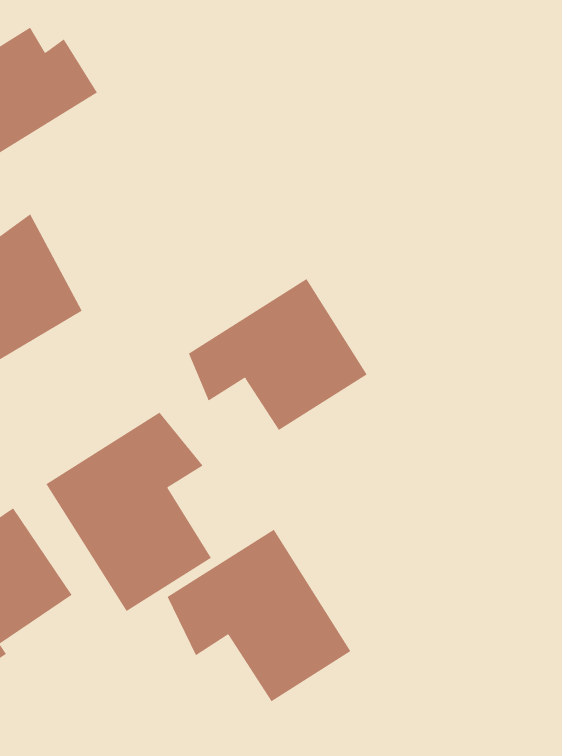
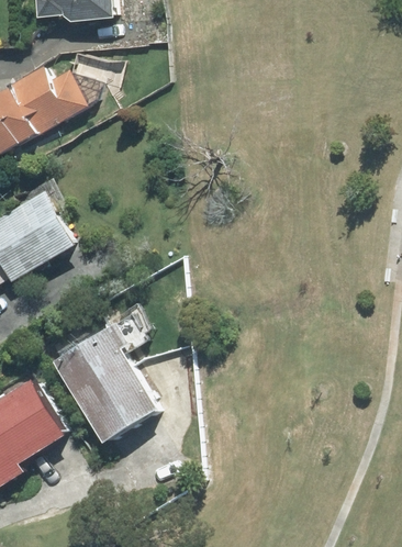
building: [188,278,368,431] -> none
building: [167,529,351,702] -> none

